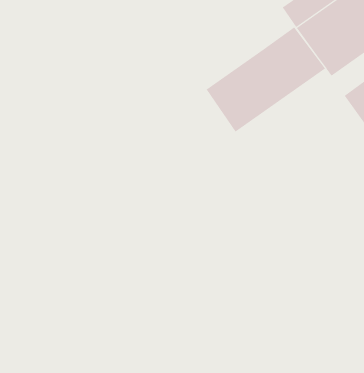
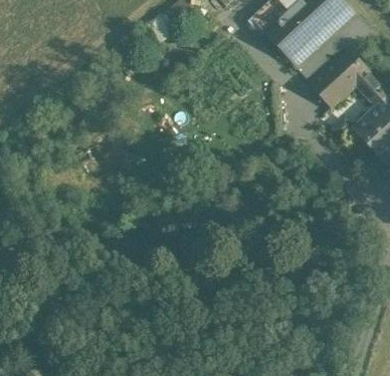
building: [206,26,326,133] -> none

